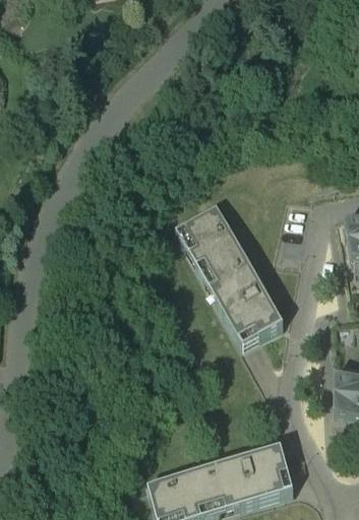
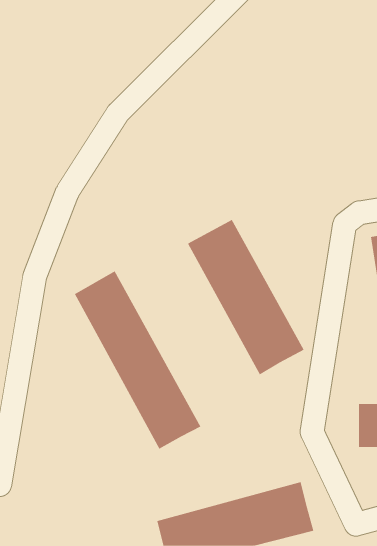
building: none -> [74,271,201,449]

